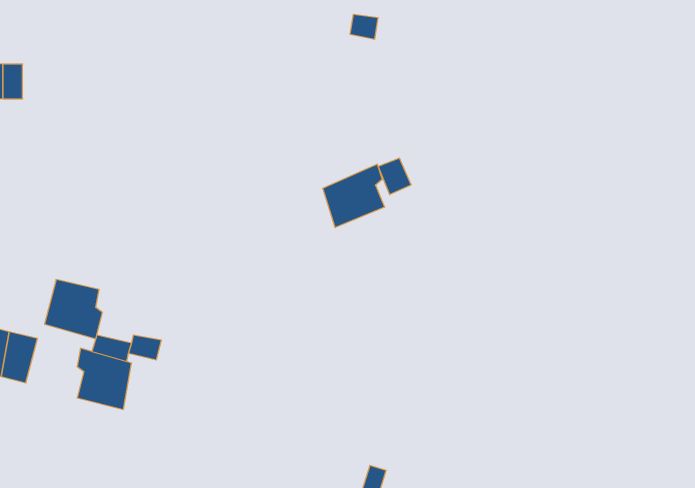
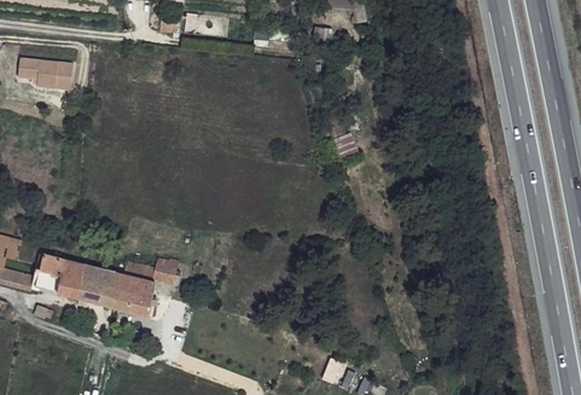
building: [323,164,384,228] -> none
building: [45,279,102,339] -> [75,263,117,307]

